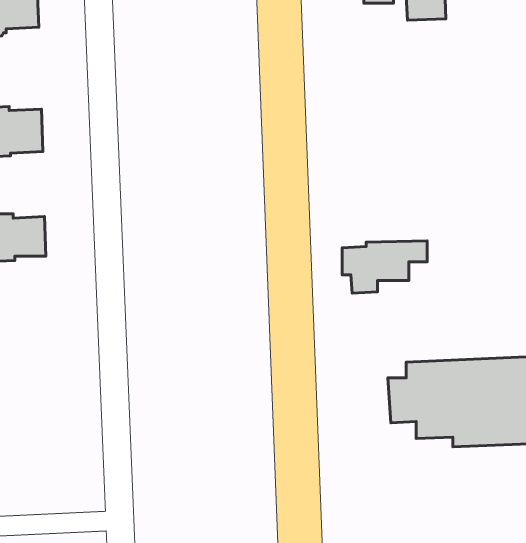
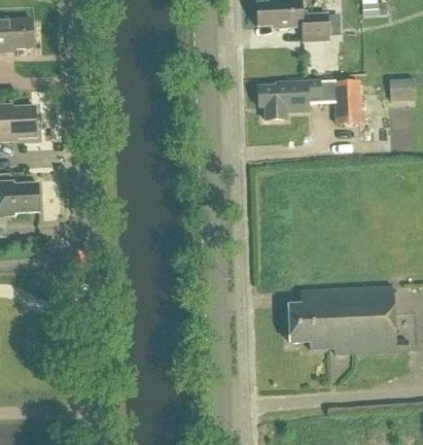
building: none -> [332,79,361,124]
building: [342,241,427,293] -> [259,81,321,119]

